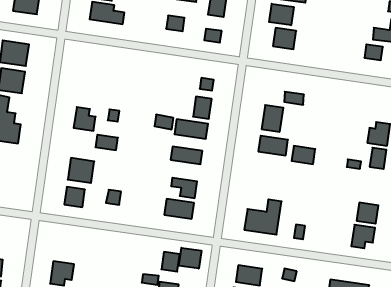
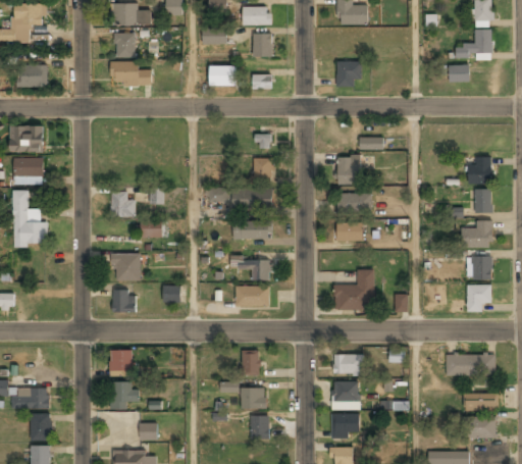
building: [269,4,294,25] -> none
building: [292,146,315,164] -> [336,222,363,241]
building: none -> [461,220,491,248]
building: none -> [109,351,133,374]
building: [179,248,201,269] -> none

